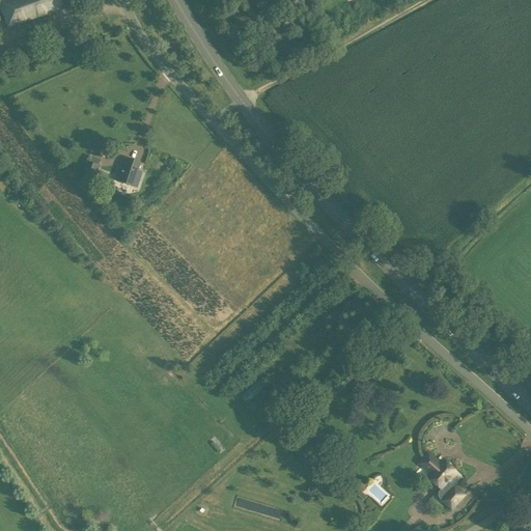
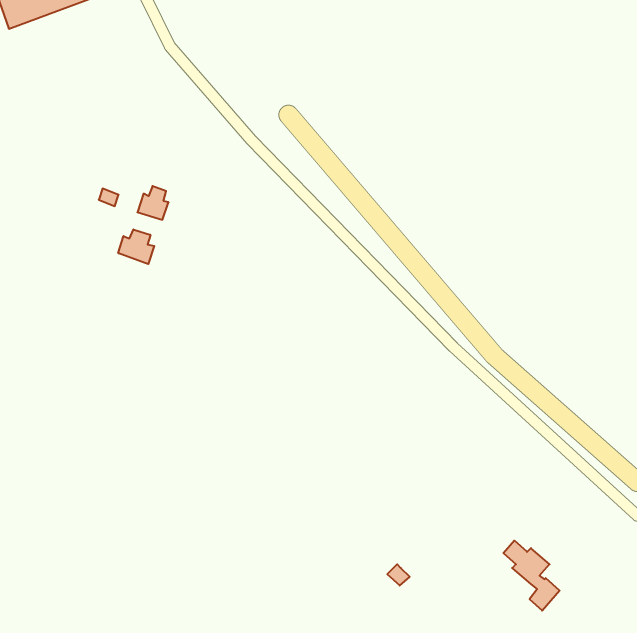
building: none -> [118,229,154,264]

